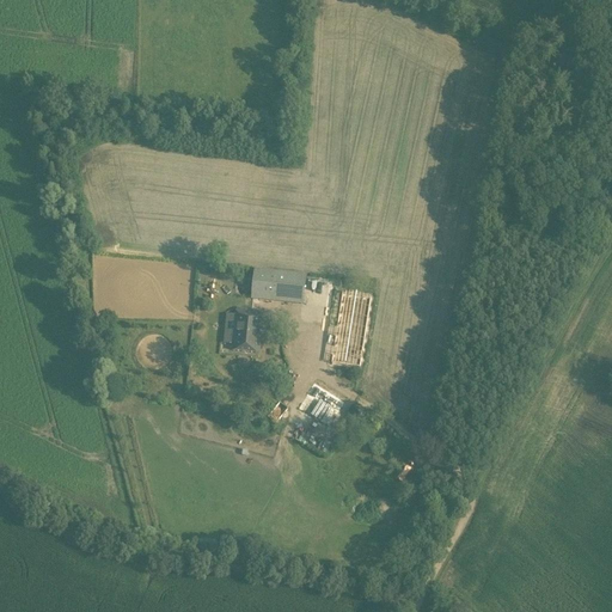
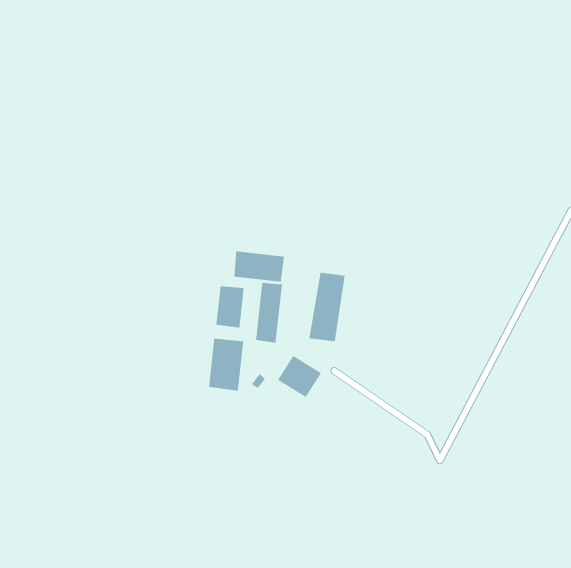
building: none -> [255,282,282,344]
building: none -> [209,338,244,391]

